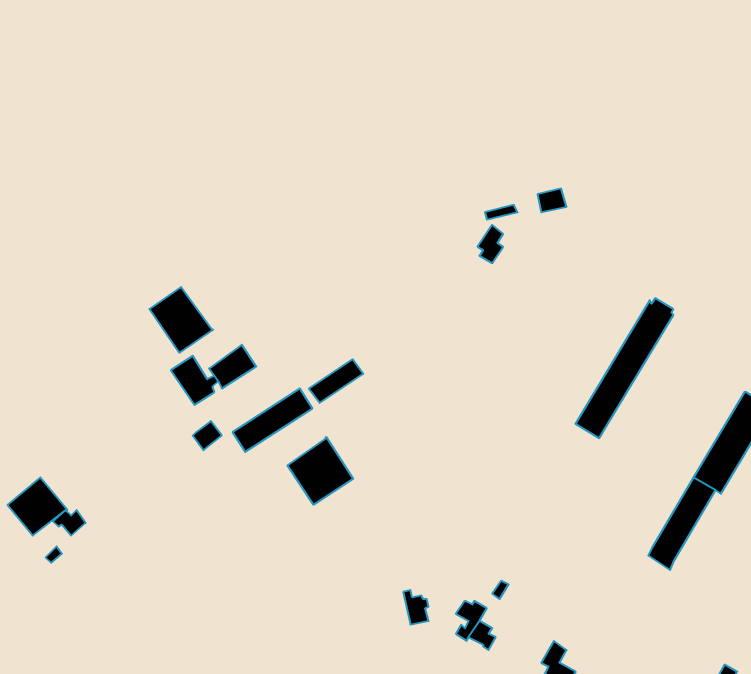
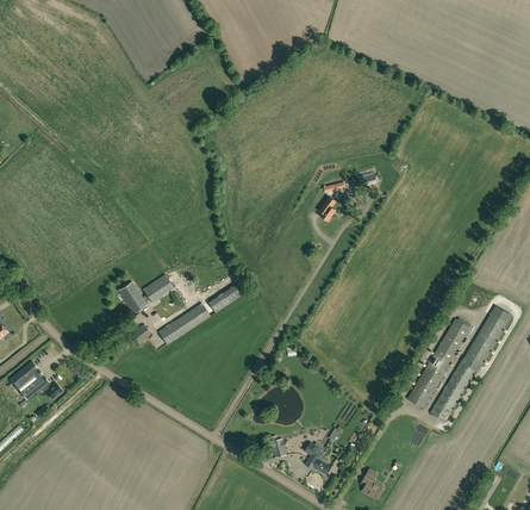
building: [149,287,213,353] -> none
building: [575,298,673,438] -> [407,317,472,409]
building: [288,437,353,505] -> none

